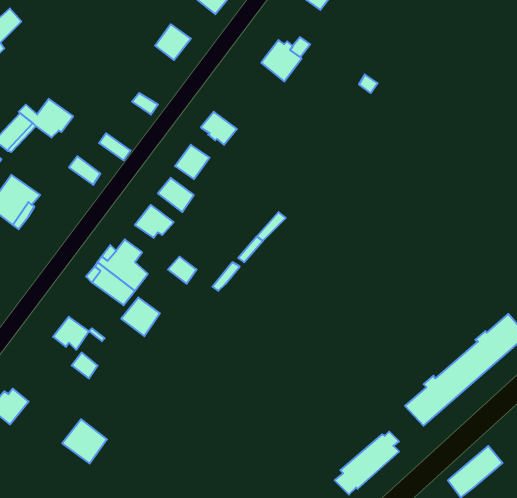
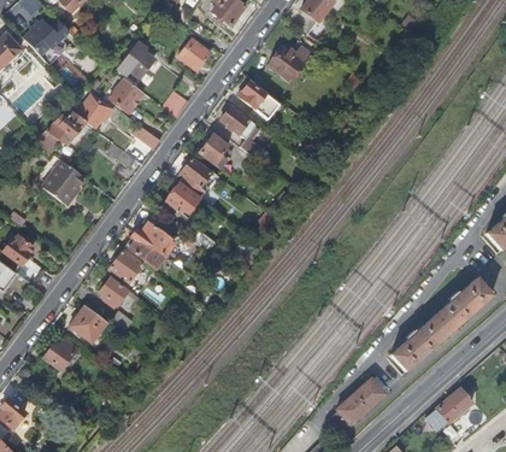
building: none -> [120,42,155,76]
building: none -> [108,78,142,112]
building: none -> [239,82,278,119]
building: [121,297,160,336] -> [108,252,141,284]
building: [62,419,107,464] -> [69,305,106,342]

